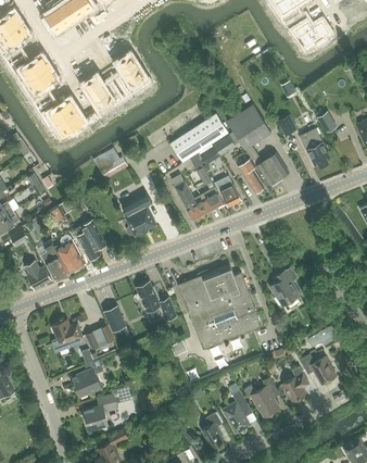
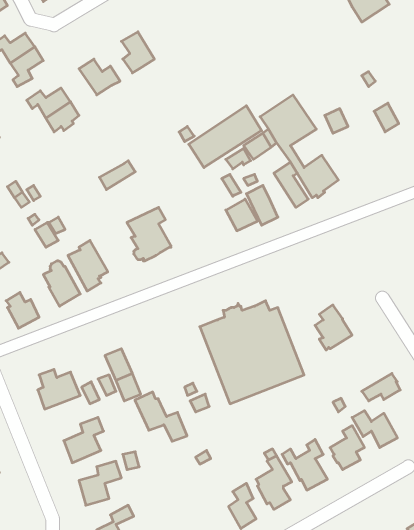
building: [299,128,330,166] -> none
building: [174,182,207,221] -> none
building: [41,240,67,279] -> none
building: [135,281,176,321] -> [135,392,187,441]

